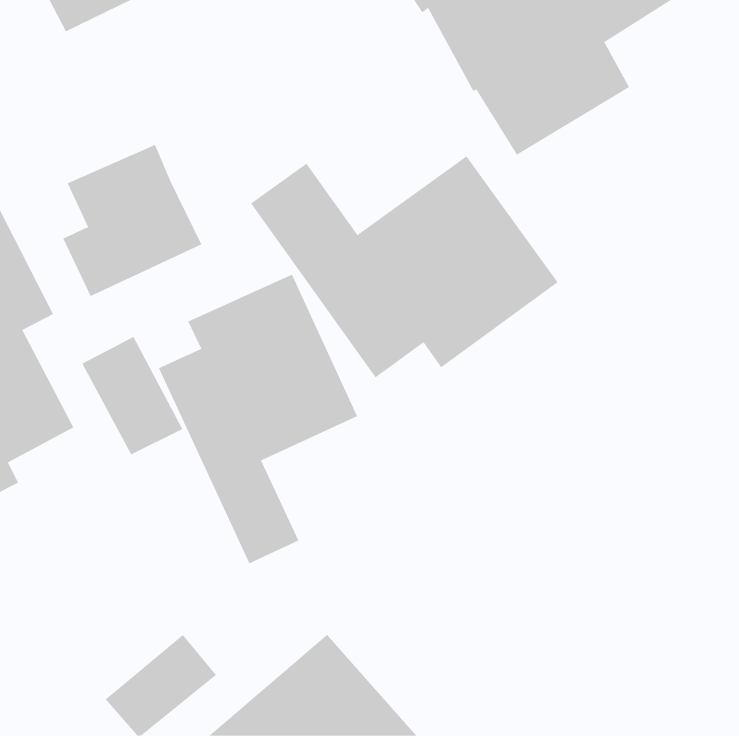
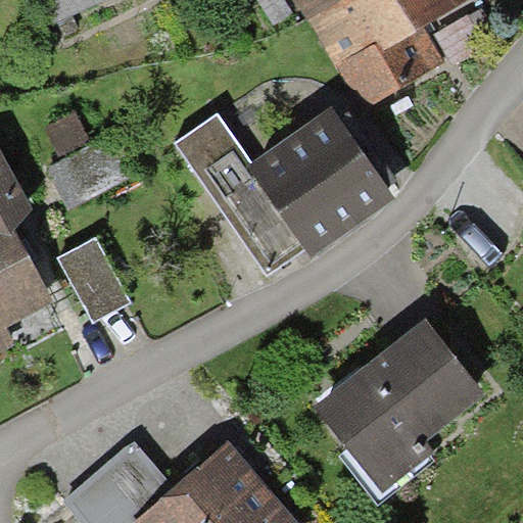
building: [158,274,358,564] -> none
building: none -> [311,320,482,501]

